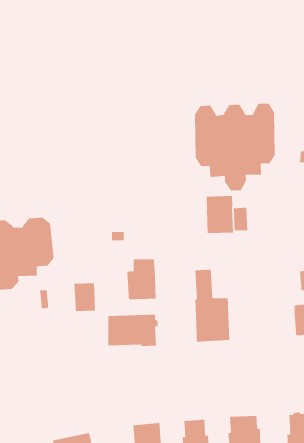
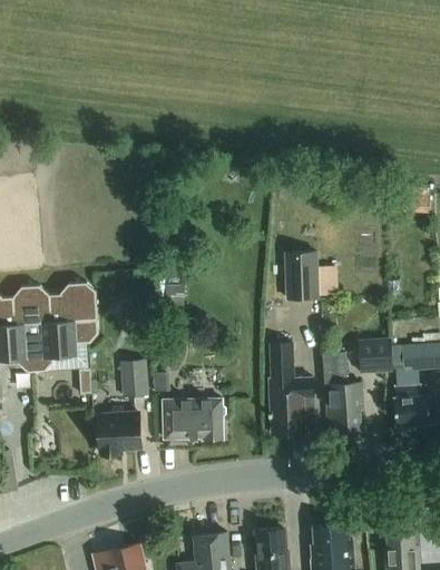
building: [194,103,275,191] -> none
building: [127,258,156,300] -> none
building: none -> [358,337,391,373]
building: none -> [322,343,363,433]
building: none -> [98,406,141,454]

